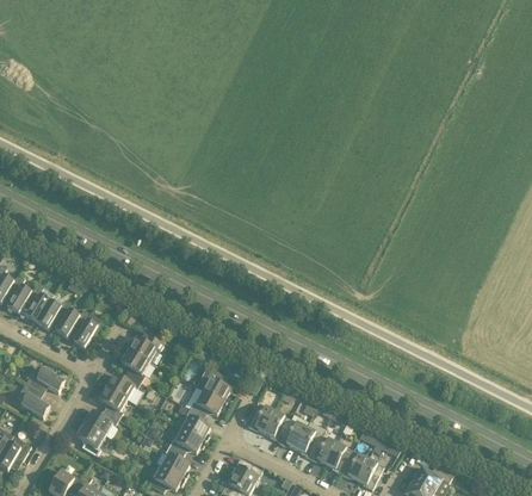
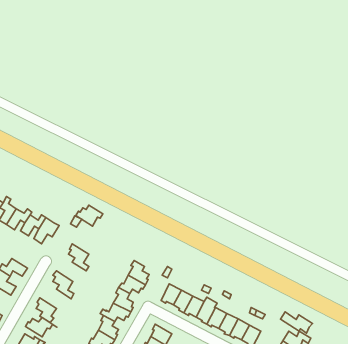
building: [124,334,161,362] -> [76,205,103,226]
building: [103,373,143,399] -> none
building: [80,410,123,436] -> [25,318,57,337]
building: none -> [280,312,312,333]

